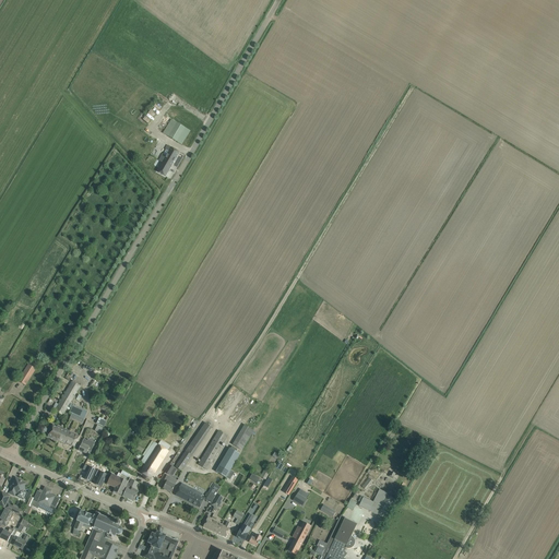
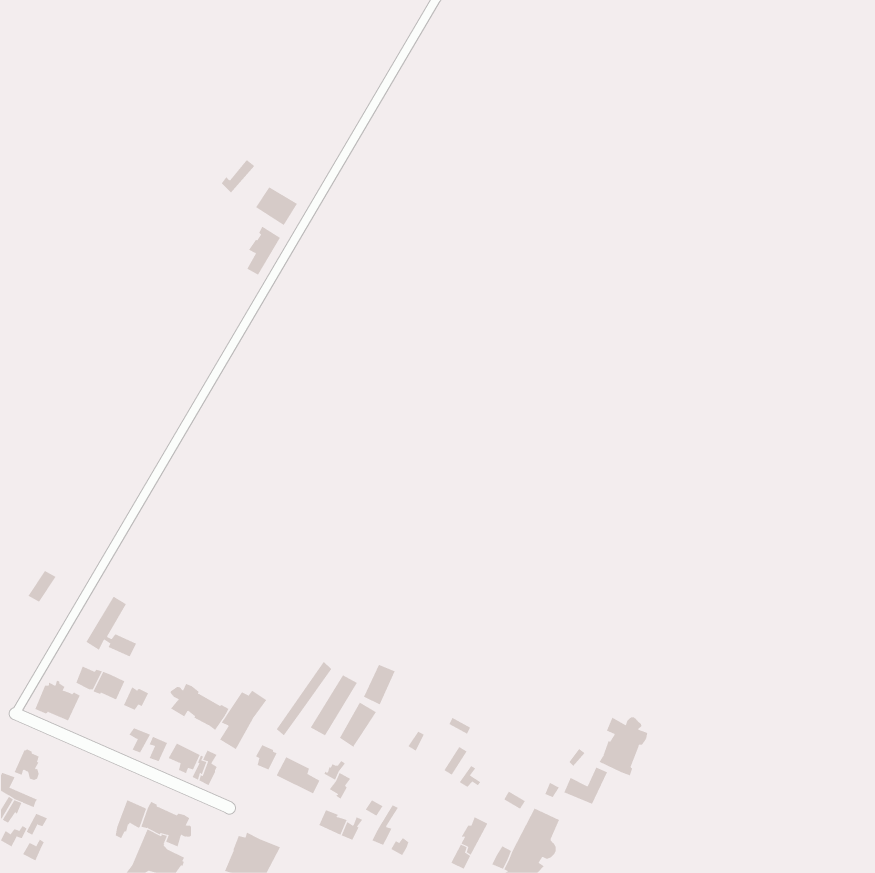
building: none -> [170,683,229,731]
building: none -> [599,717,648,776]
building: [31,487,60,513] -> [34,680,81,721]

